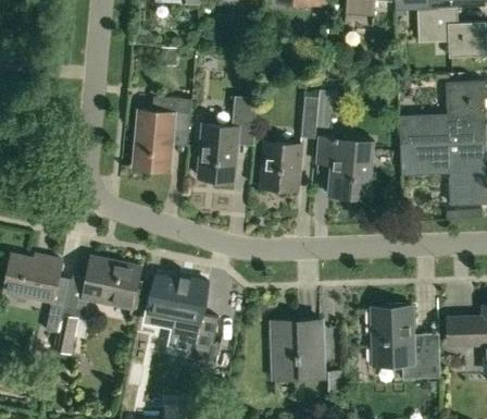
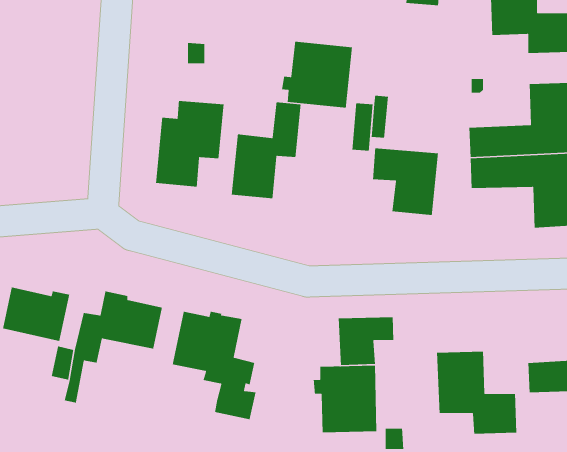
building: none -> [281,41,353,109]
building: [262,141,301,188] -> none
building: none -> [338,316,394,366]

